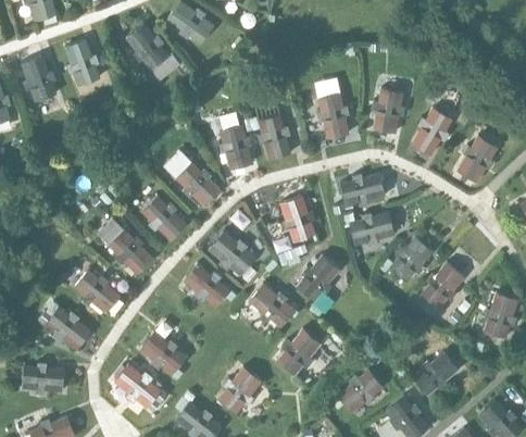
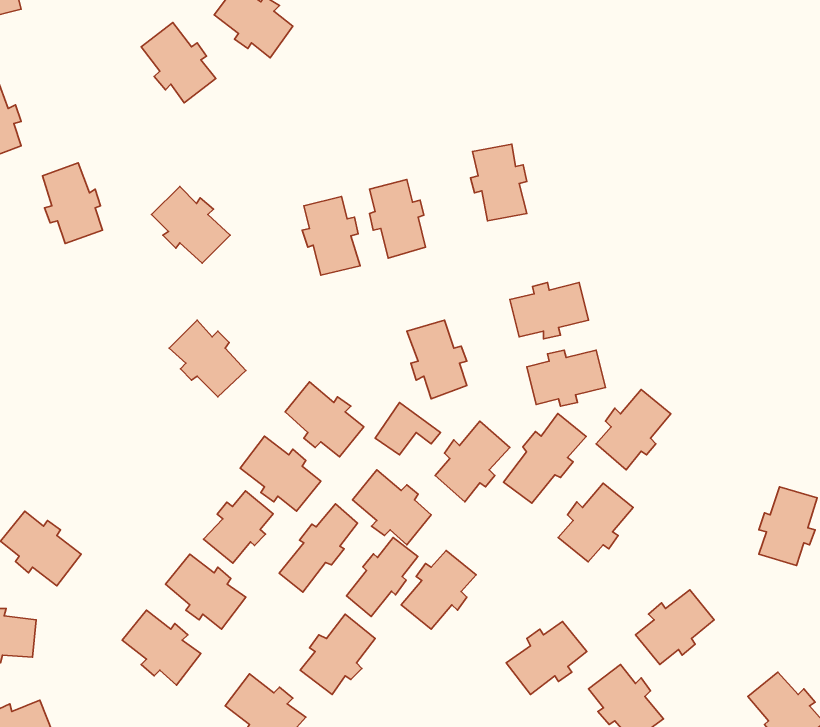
building: [65,39,100,86] -> [43,163,103,243]
building: [373,88,405,133] -> none
building: [412,108,453,154] -> none
building: [458,136,498,183] -> none
building: [176,162,222,207] -> [152,187,230,263]
building: [109,229,153,274] -> none
building: none -> [504,413,586,503]
building: [422,262,465,308] -> [558,483,633,562]
building: [74,270,121,313] -> none
building: none -> [204,491,273,563]
building: none -> [279,504,357,592]
building: none -> [346,537,418,616]

